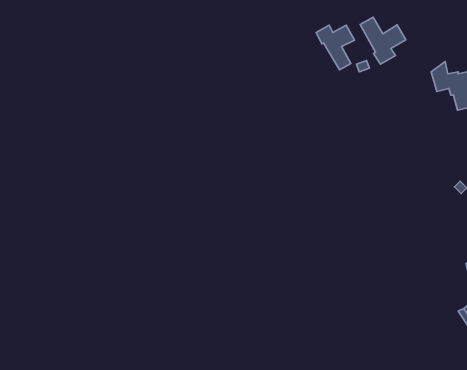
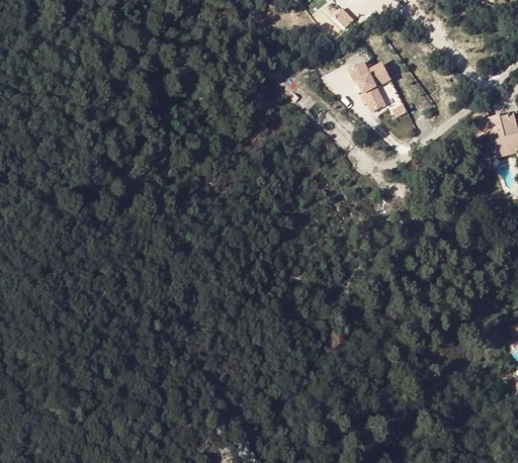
building: [360,17,406,64] -> none

